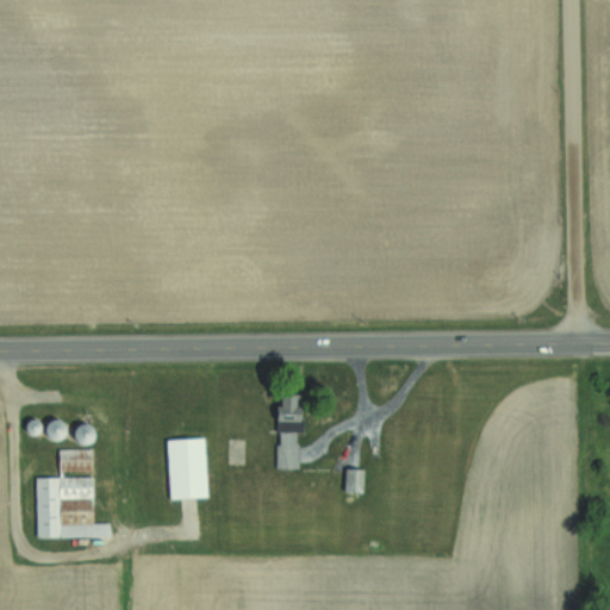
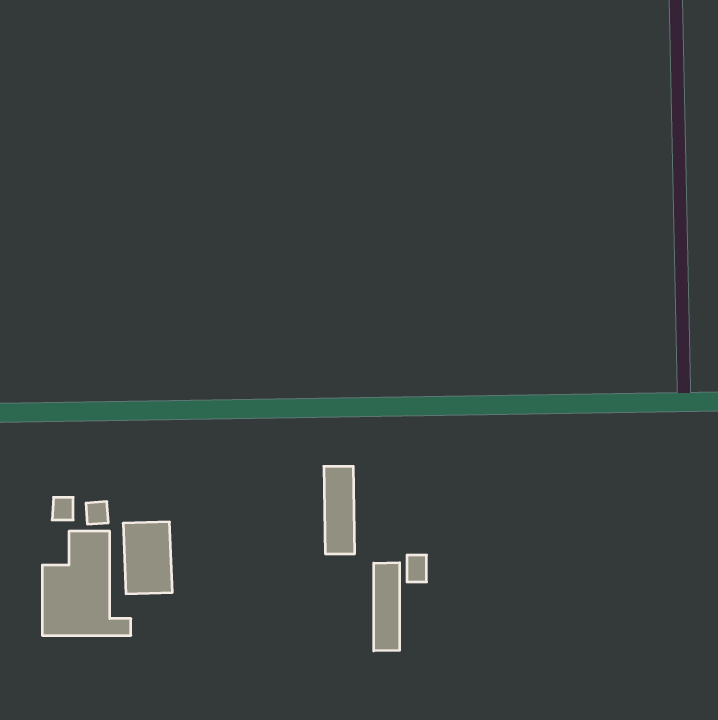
building: [167,438,208,499] -> [123,522,172,594]
building: none -> [374,563,400,651]

